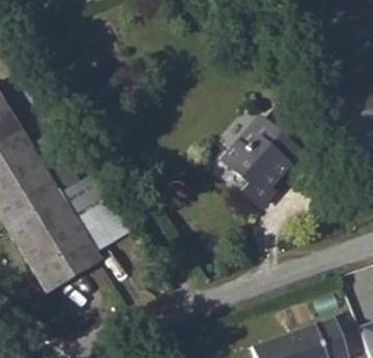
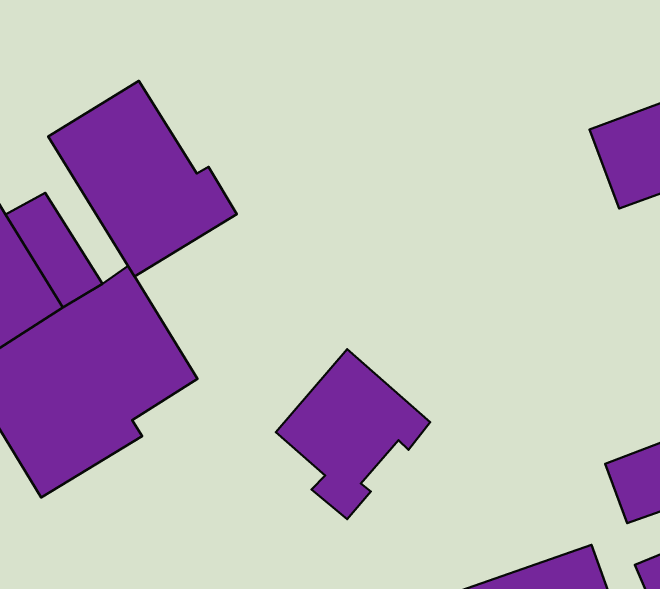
building: none -> [48,81,237,276]
building: [223,118,304,207] -> [276,349,430,519]

